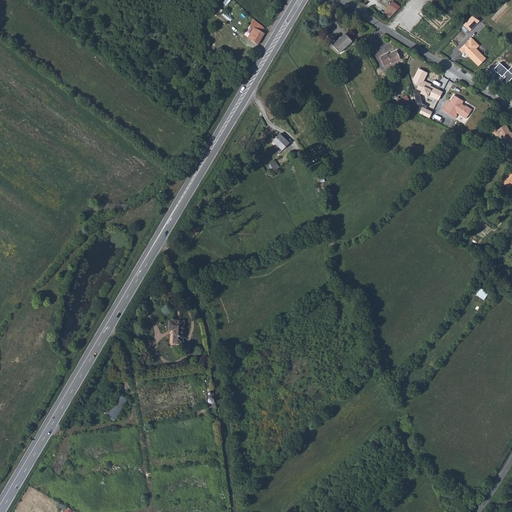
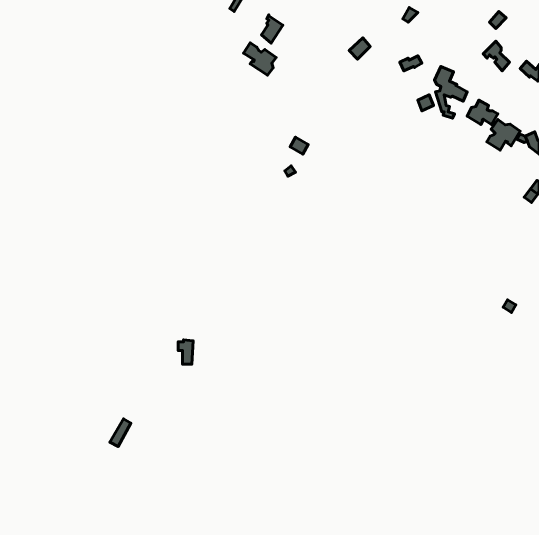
building: none -> [243,43,276,75]
building: none -> [487,120,520,150]

